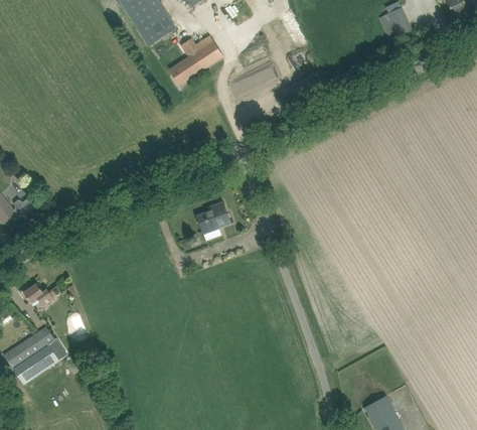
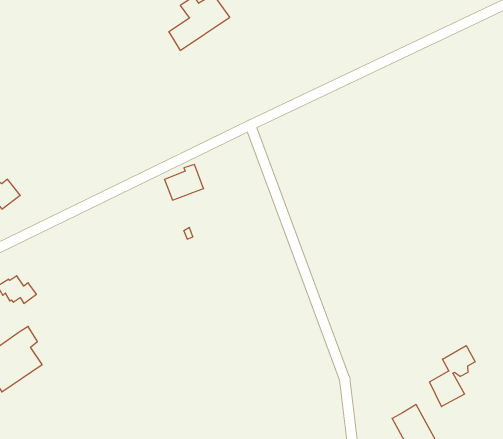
building: [196,201,230,233] -> [164,164,204,200]
building: none -> [429,346,475,407]

